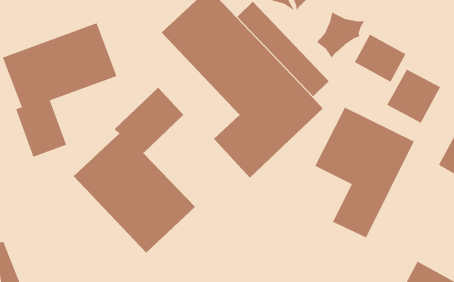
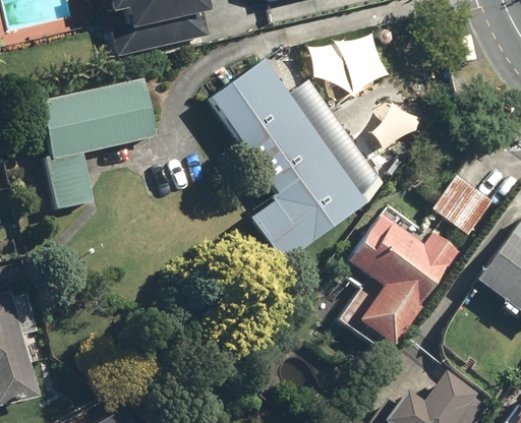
building: [354,33,407,83] -> none
building: [73,87,196,253] -> none

